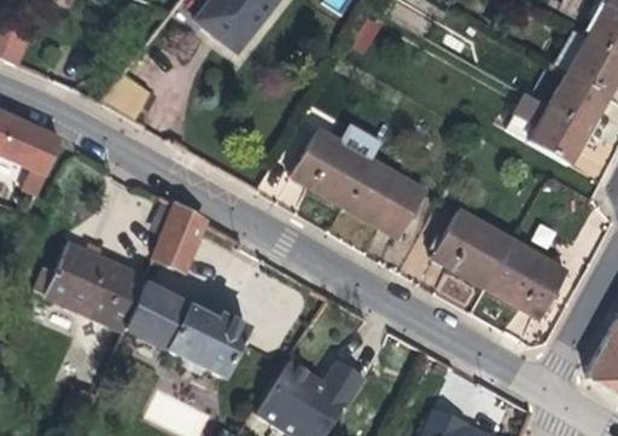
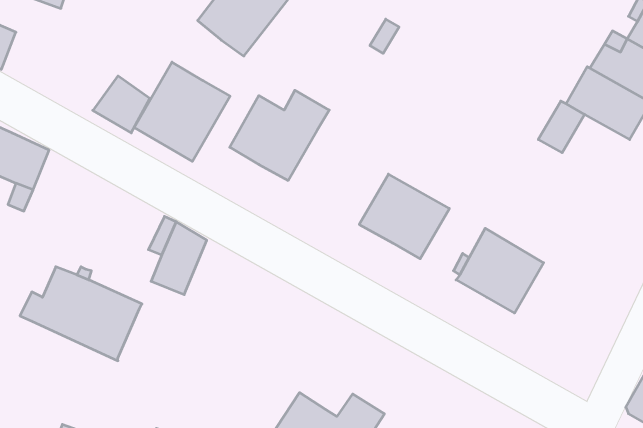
building: none -> [134,62,230,161]
building: [529,105,590,164] -> none
building: [291,123,381,205] -> [230,90,329,180]
building: [485,240,567,319] -> none
building: [124,283,247,378] -> none

